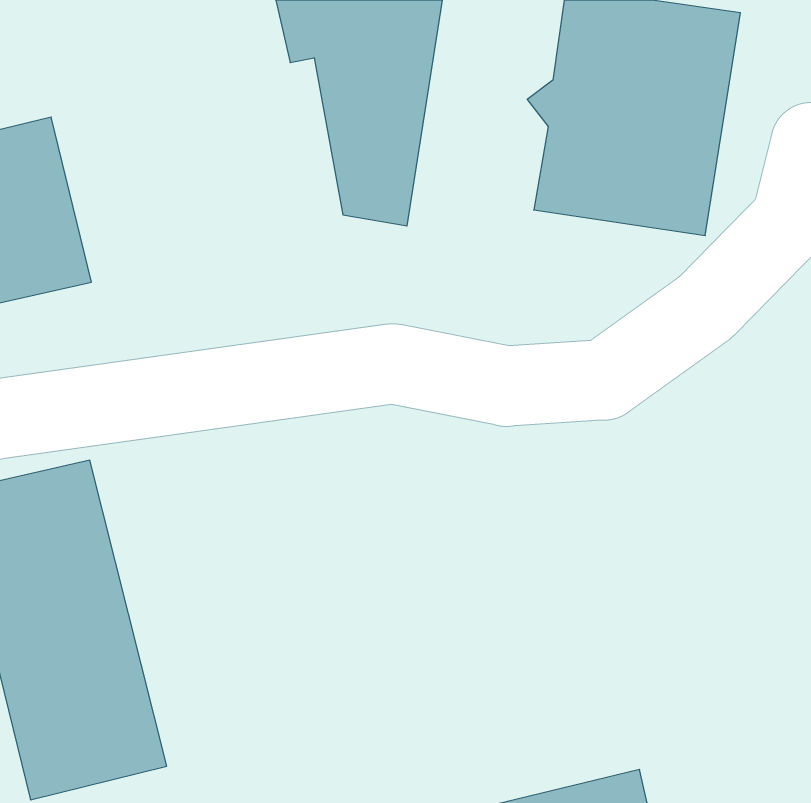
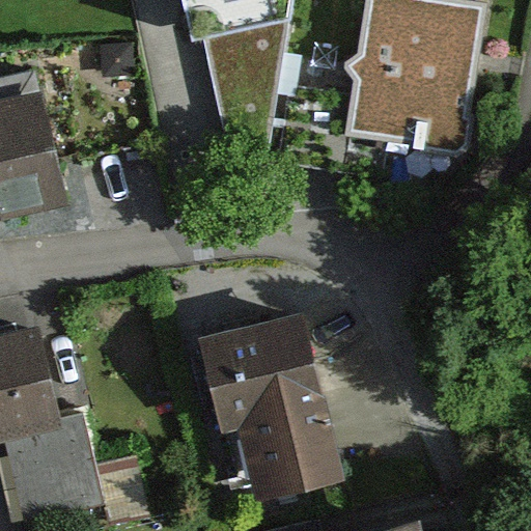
building: none -> [198,310,343,492]

